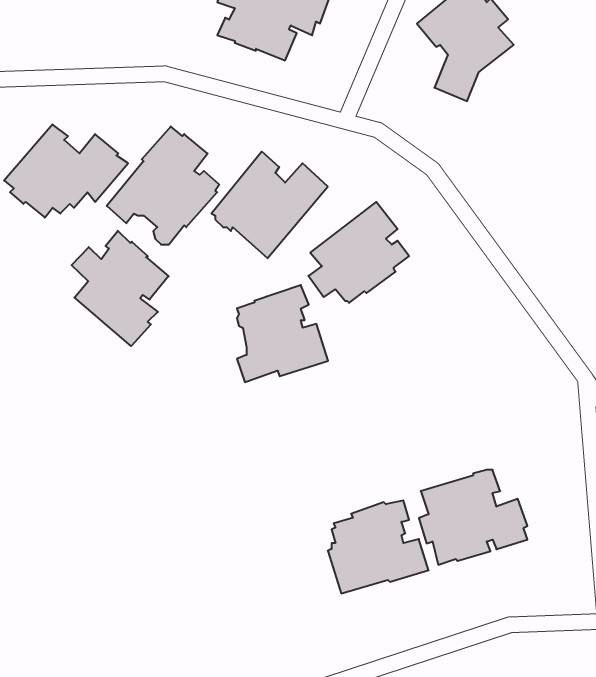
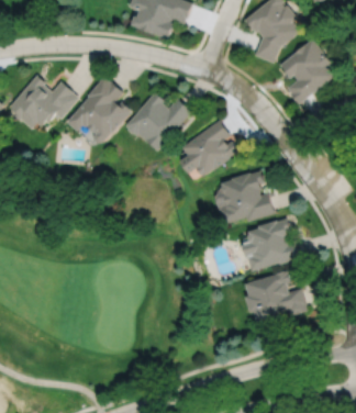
building: none -> [278,38,332,104]
building: [72,231,169,346] -> none
building: [237,285,328,382] -> [222,170,274,225]
building: [328,500,429,593] -> [243,219,300,271]

